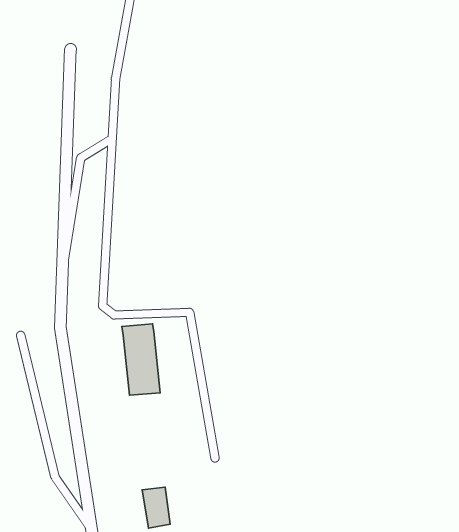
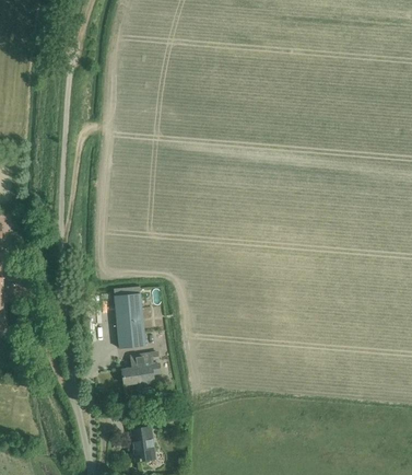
building: none -> [121,354,160,385]

